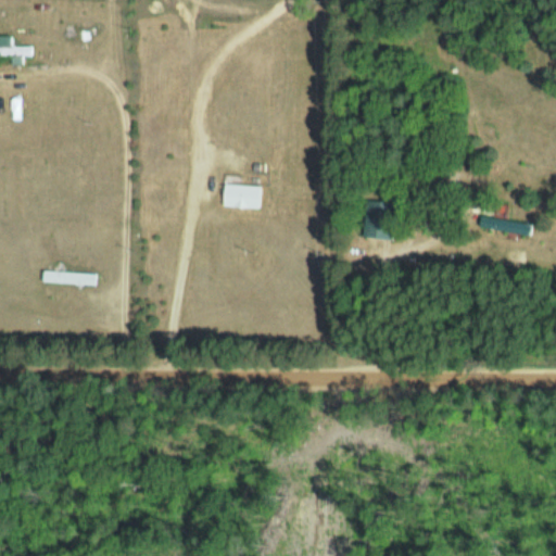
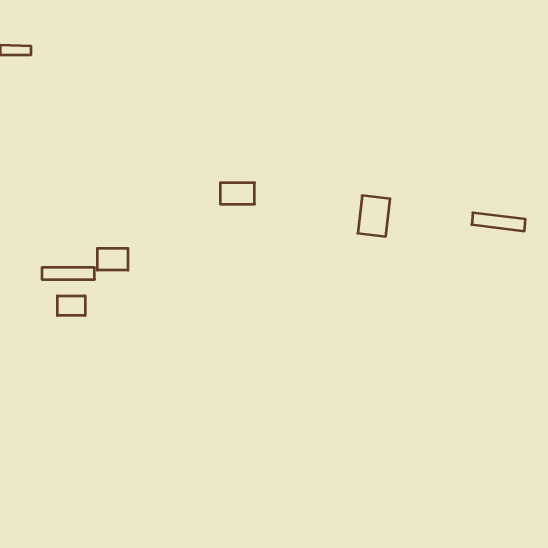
building: none -> [97,248,128,270]
building: none -> [57,296,85,316]

